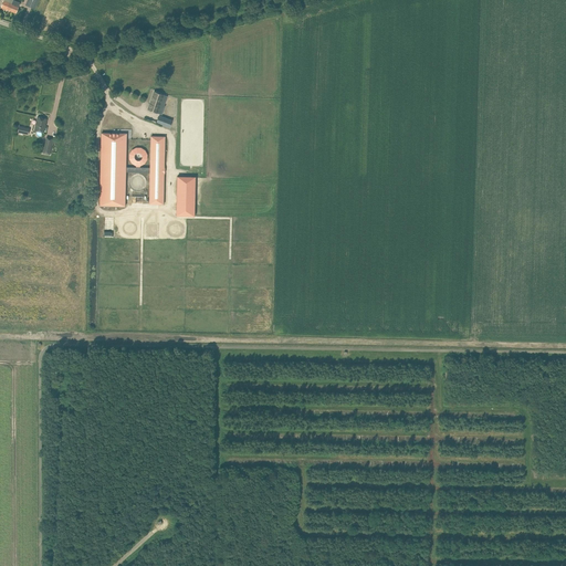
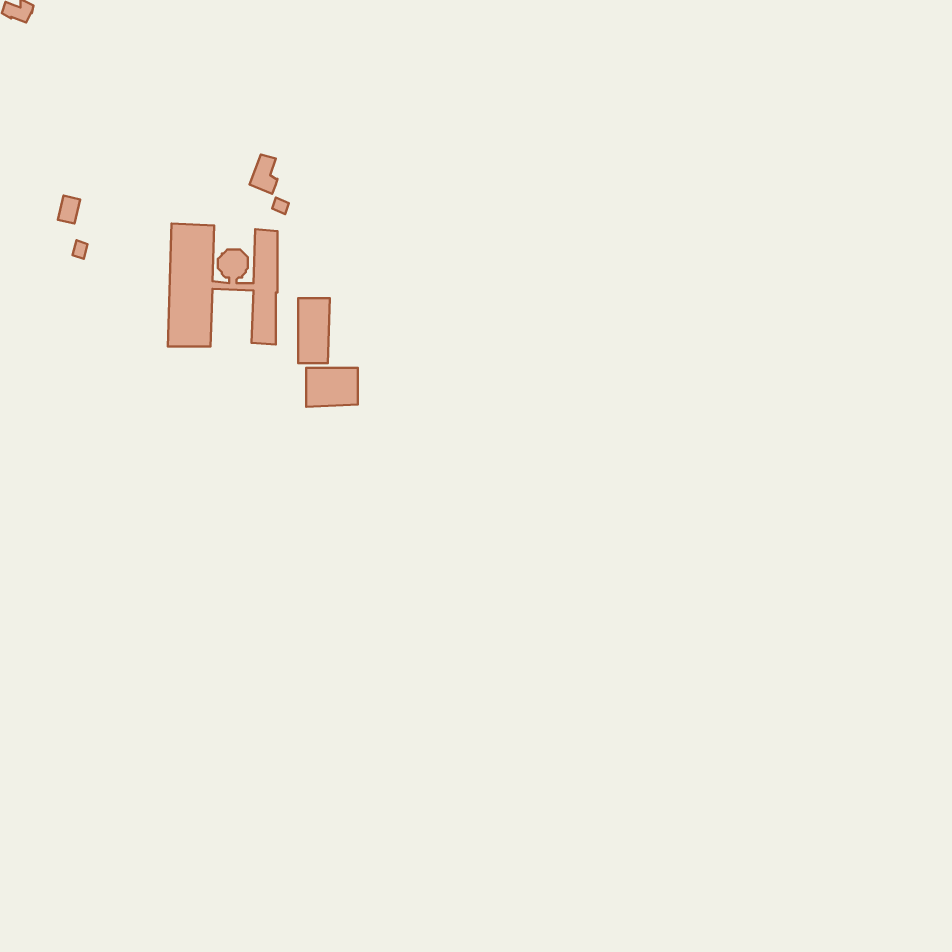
building: none -> [306,368,358,407]

